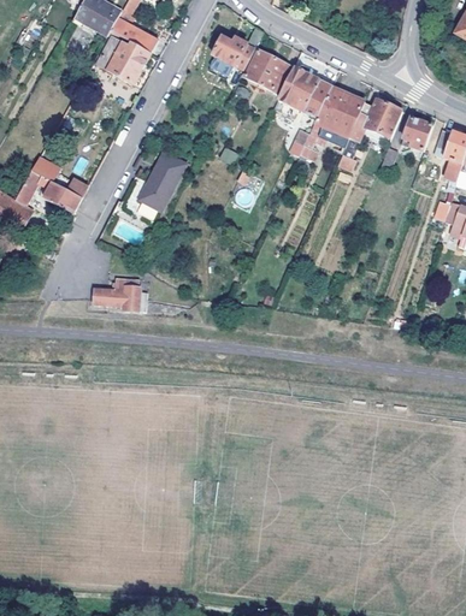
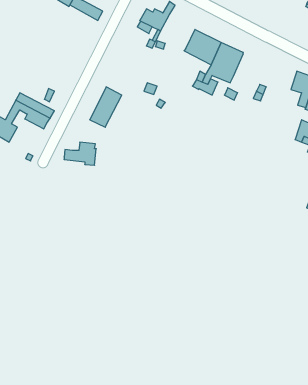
building: [93,30,152,84] -> none
building: [244,49,294,94] -> none
building: [350,97,403,140] -> none
building: [401,117,433,149] -> none
building: [94,277,141,310] -> [64,142,96,165]

